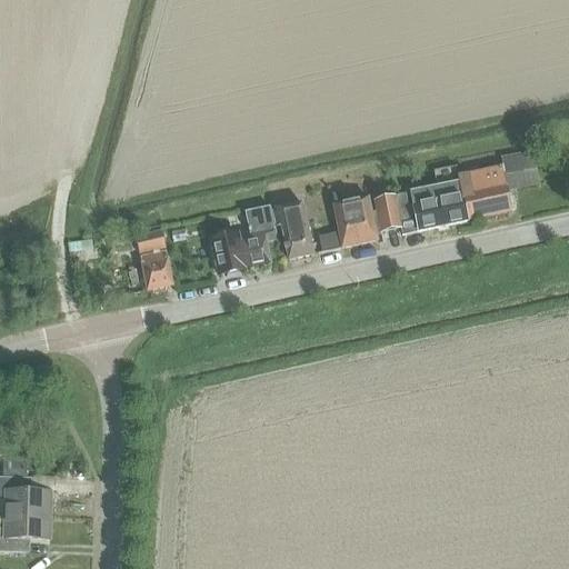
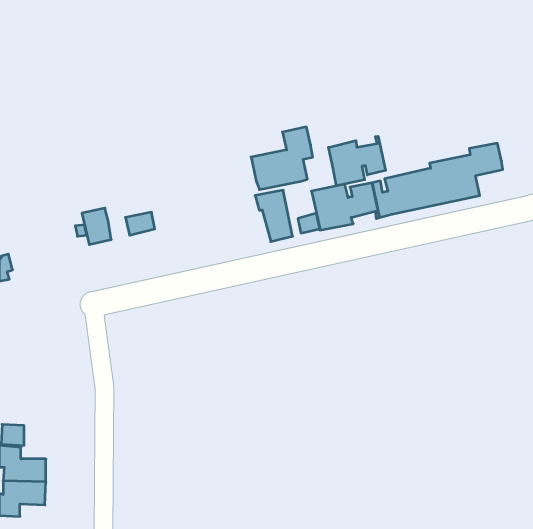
building: none -> [328,136,386,186]
building: [209,204,274,271] -> [251,127,313,190]
building: [139,249,170,288] -> [82,208,111,245]

